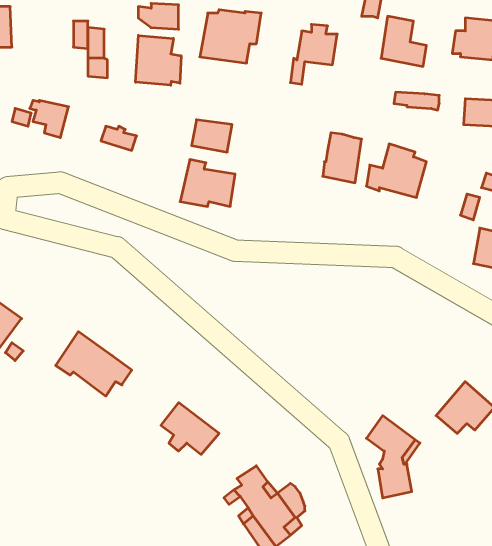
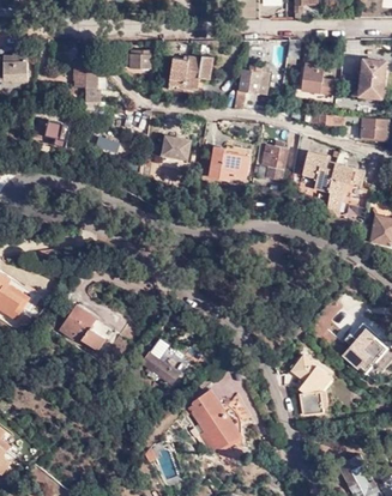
building: [136,35,181,85] -> none
building: [180,160,235,206] -> [209,146,249,181]
building: none -> [327,167,367,216]

